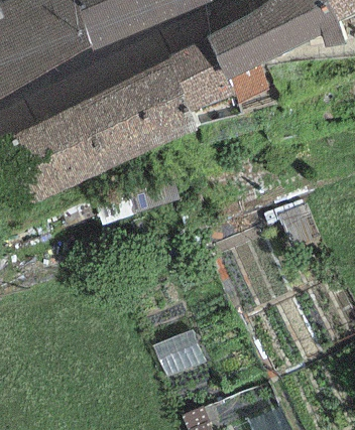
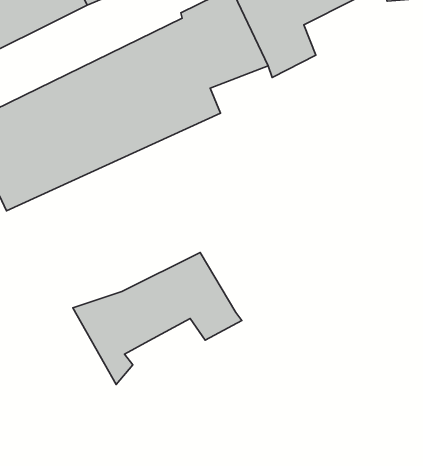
building: none -> [73,252,242,385]

